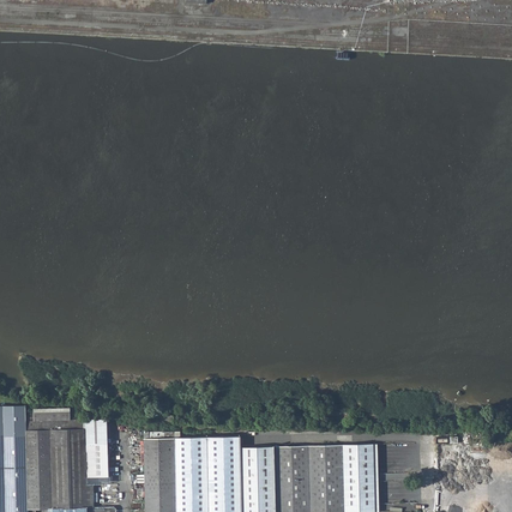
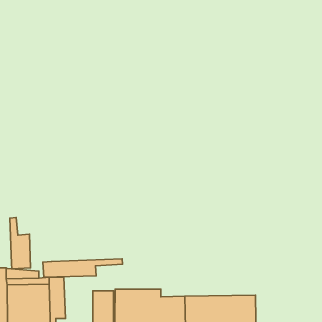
building: none -> [10,218,30,269]
building: none -> [43,259,123,277]

